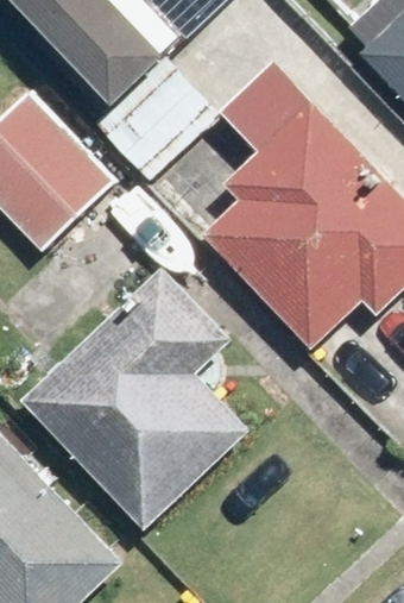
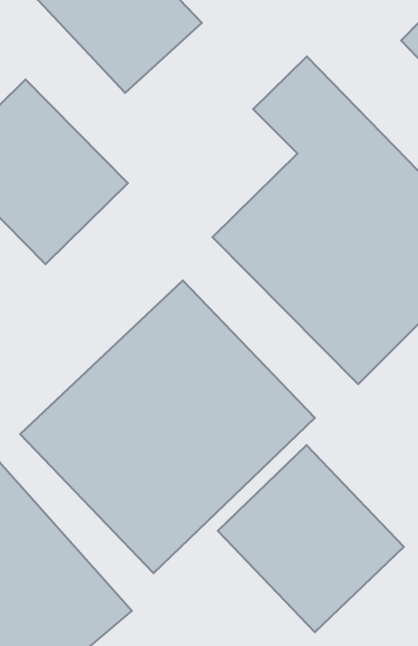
building: none -> [218,445,404,632]

